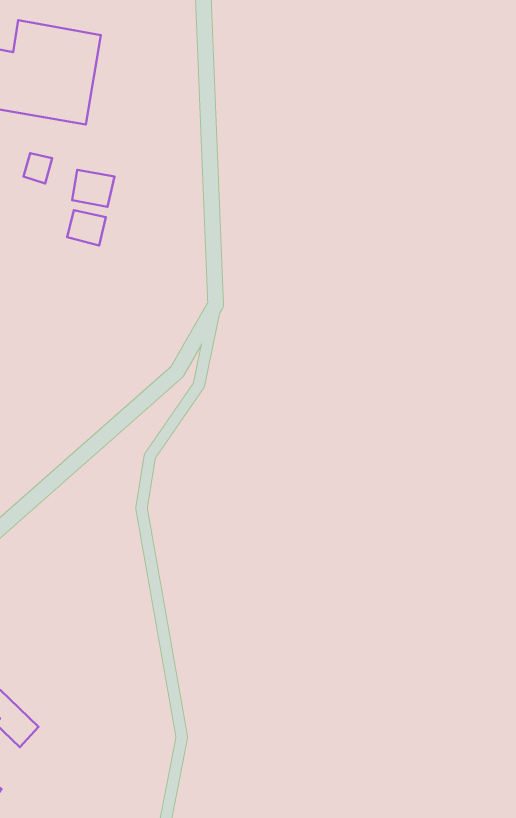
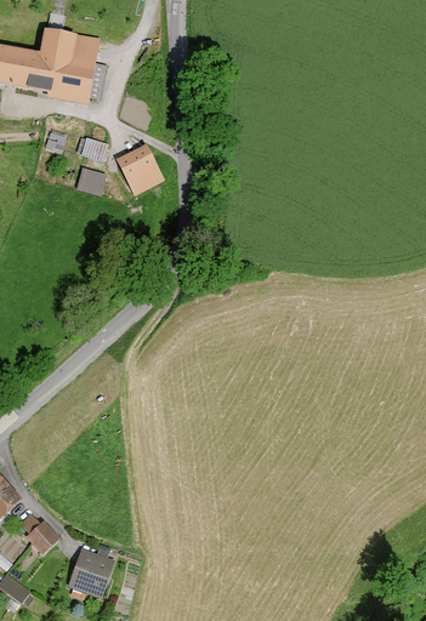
building: none -> [114,143,160,186]
building: none -> [67,546,110,593]

